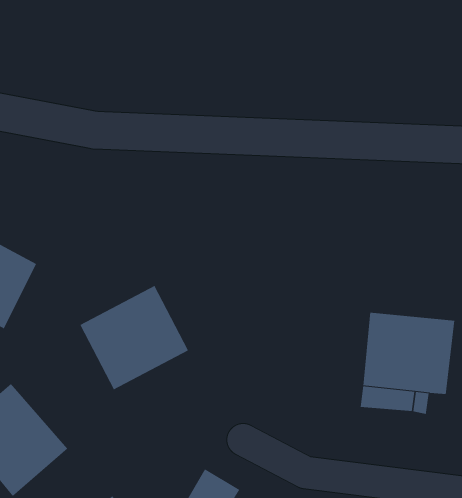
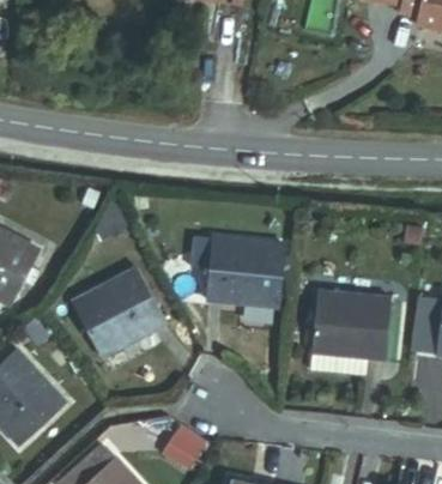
building: none -> [206,238,281,305]

